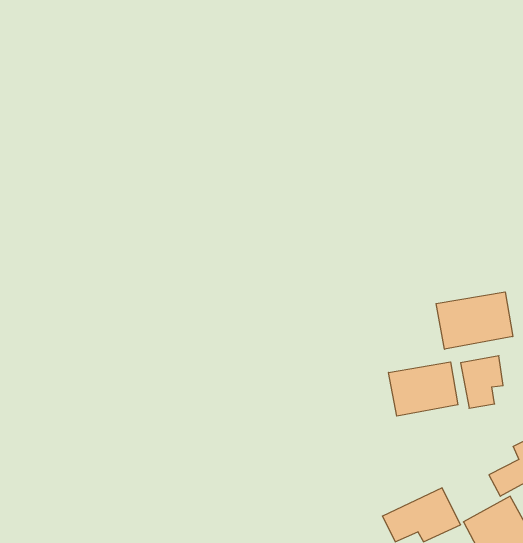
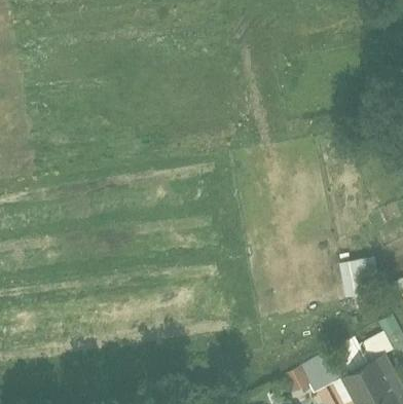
building: [436,292,513,349] -> none
building: [389,362,458,416] -> none

